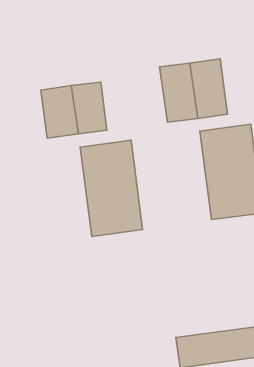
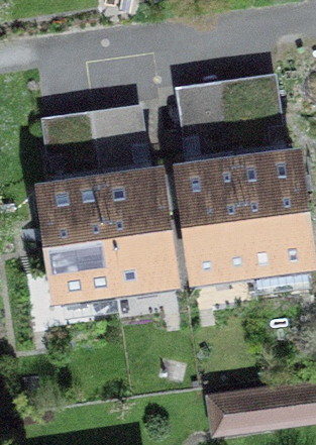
building: none -> [180,163,250,271]
building: none -> [44,182,115,290]

